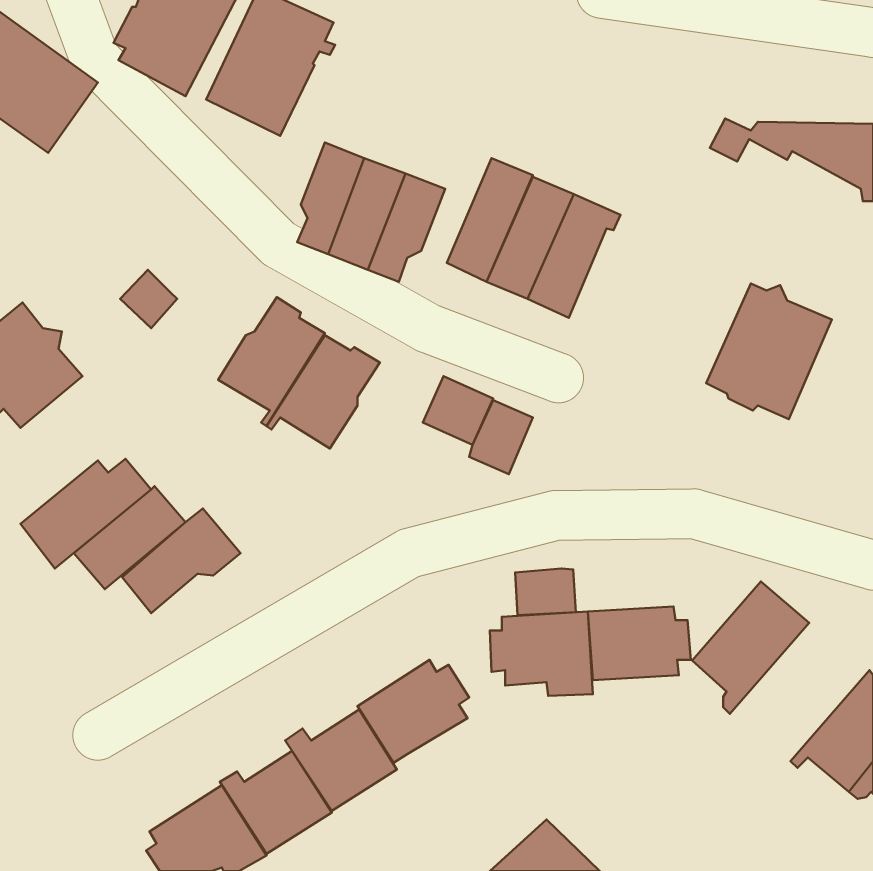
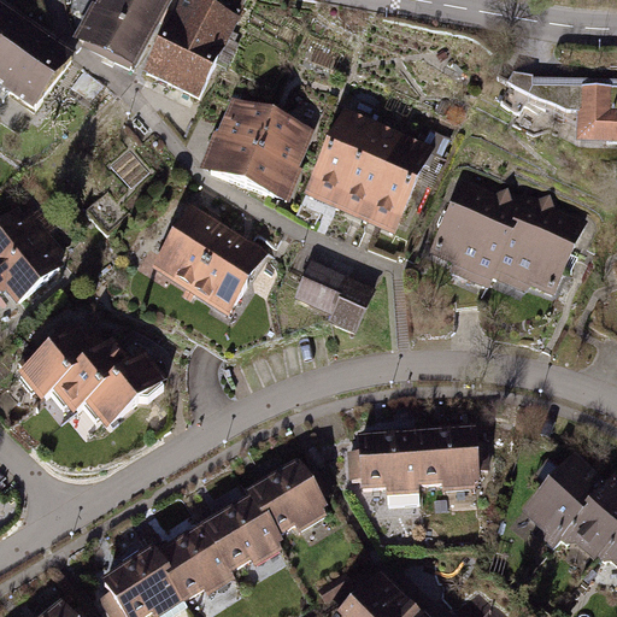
building: none -> [435,183,522,278]
building: [515,569,576,615] -> none
building: [692,582,809,714] -> [519,449,601,542]

